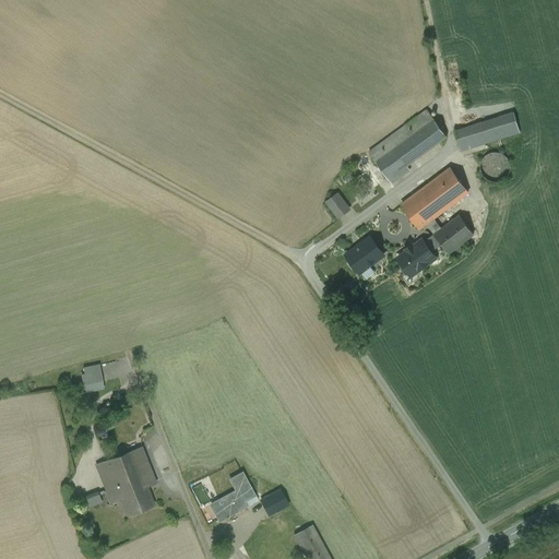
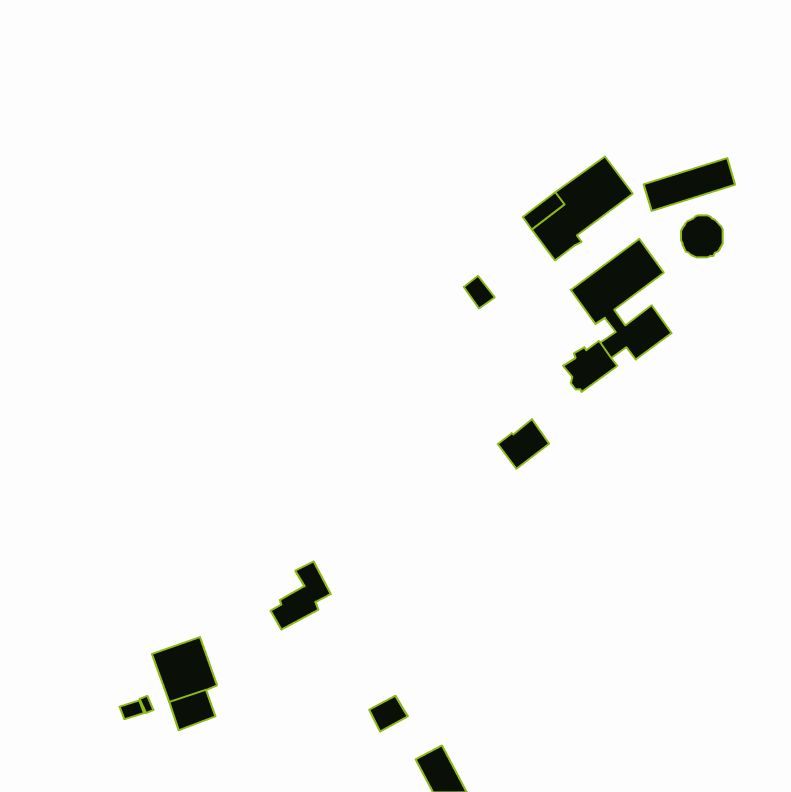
building: [345,236,381,271] -> [498,419,549,469]
building: [80,364,103,392] -> none
building: [211,473,253,521] -> [270,561,331,630]

